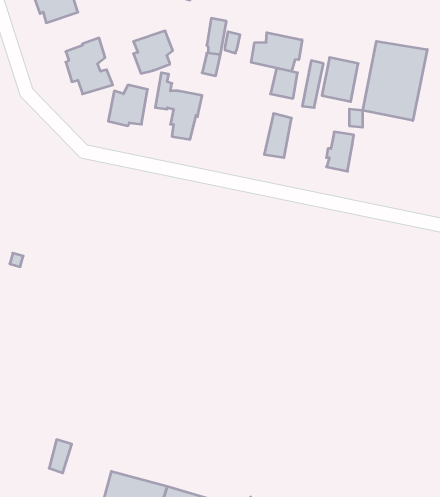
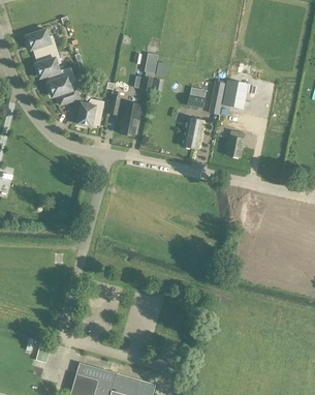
building: [133,31,173,73] -> [34,48,61,77]
building: [251,33,302,71] -> none
building: [363,41,427,121] -> none

